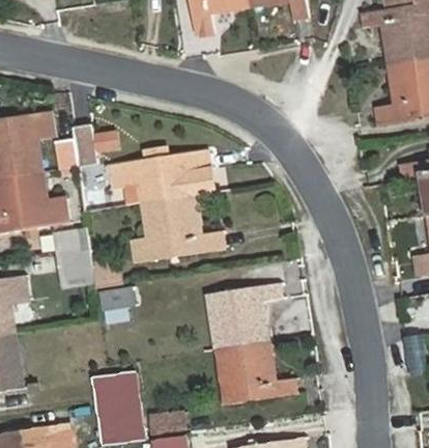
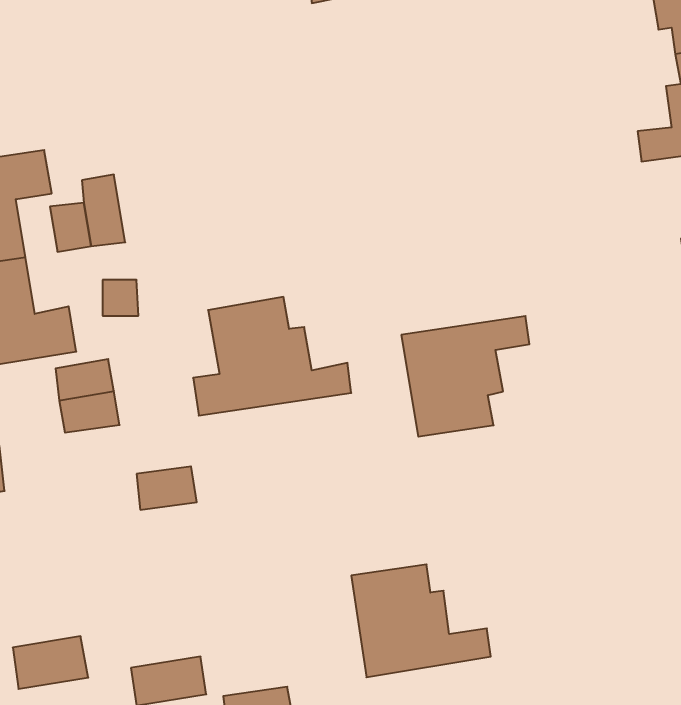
building: [107,151,206,206] -> none
building: [209,283,280,349] -> [401,316,529,437]
building: [94,371,136,400] -> [13,636,88,689]

